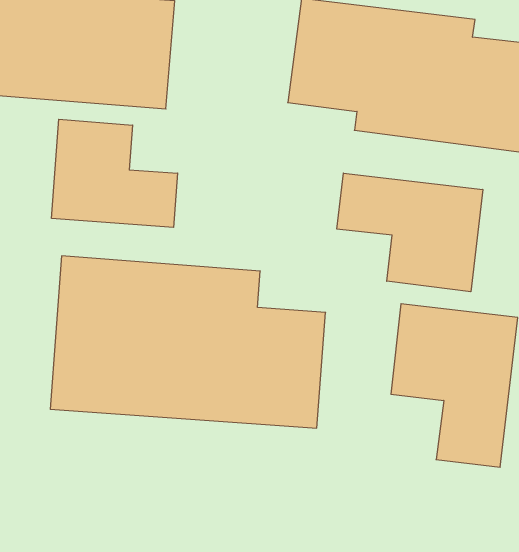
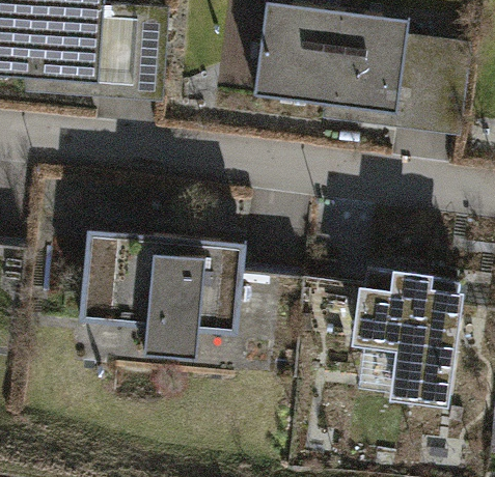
building: [52,119,178,227] -> none
building: [337,173,483,292] -> none

